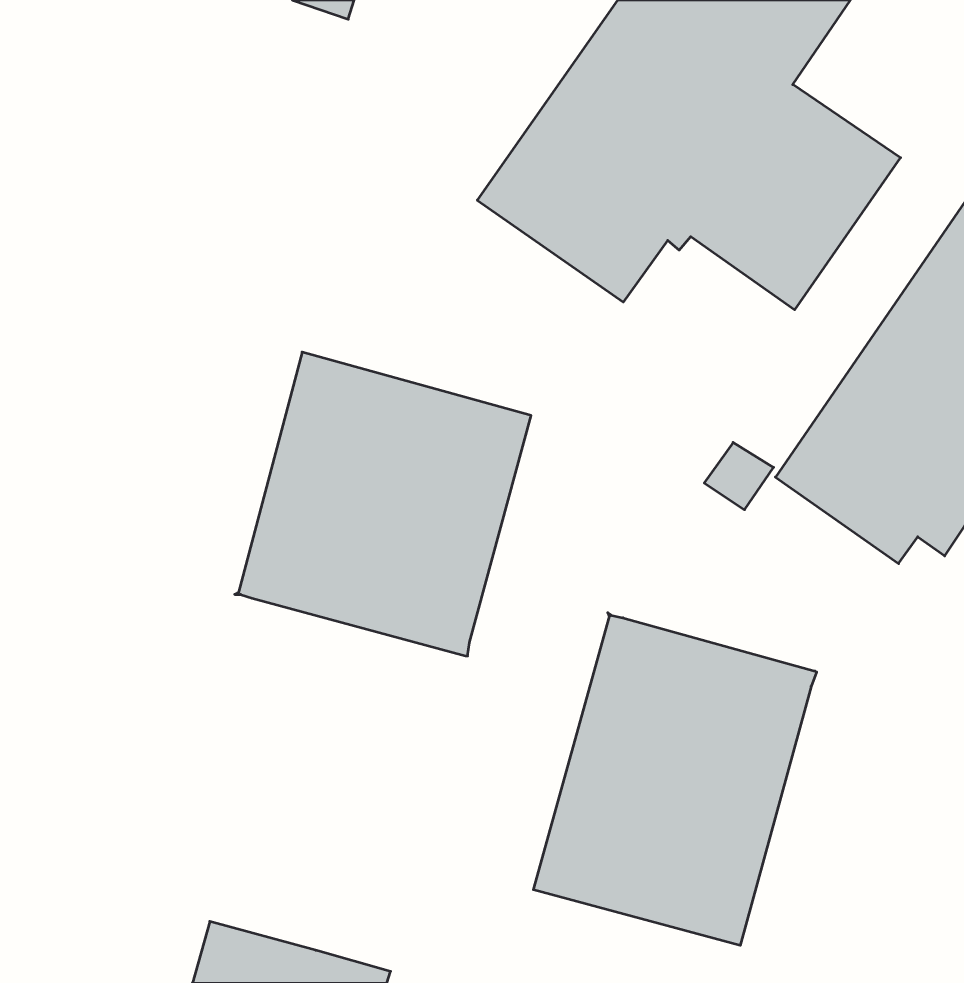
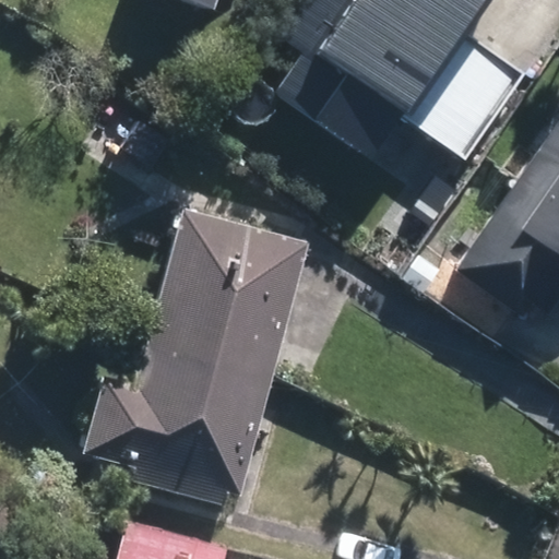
building: none -> [80,337,275,502]
building: [533,613,817,945] -> none

